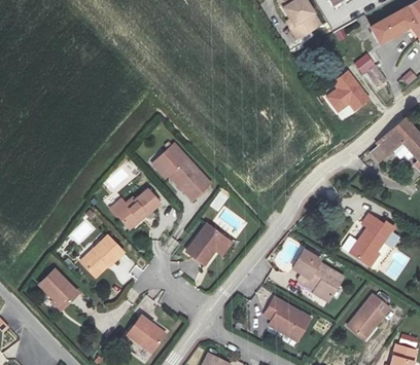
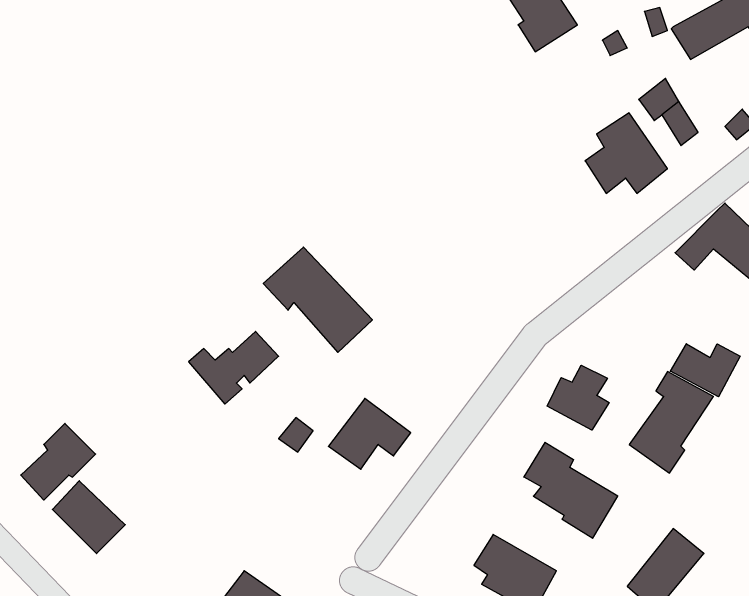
building: none -> [670,344,740,397]
building: none -> [547,365,609,430]
building: [83,235,124,277] -> [21,423,96,500]

